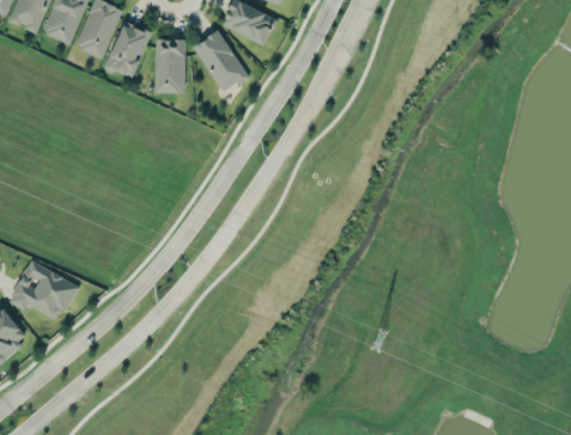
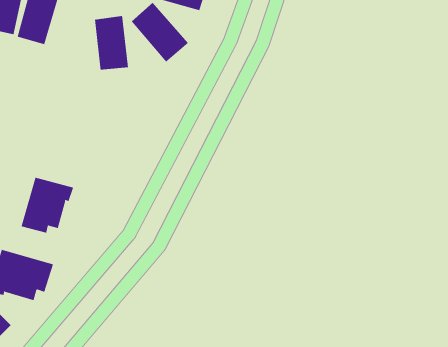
building: [105,20,152,78] -> none
building: none -> [21,177,74,233]

